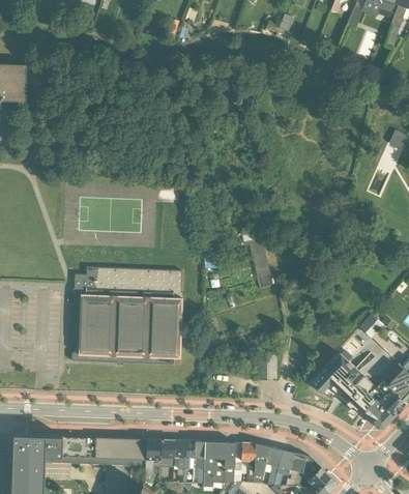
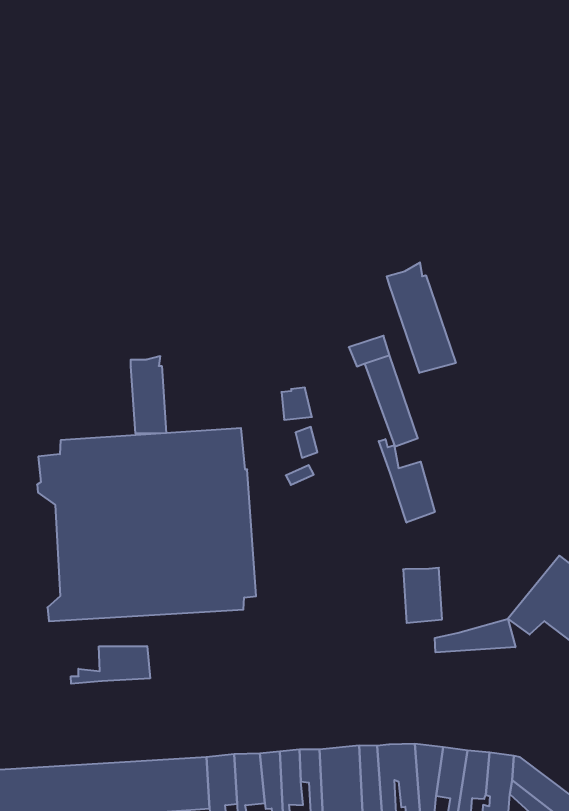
building: none -> [387,262,456,373]
building: none -> [131,356,166,434]
building: none -> [379,439,435,523]
building: none -> [71,646,150,684]
building: none -> [435,619,515,652]

